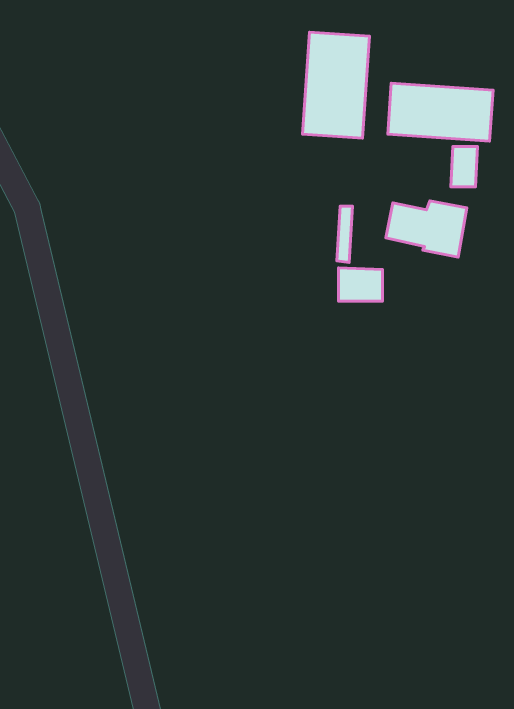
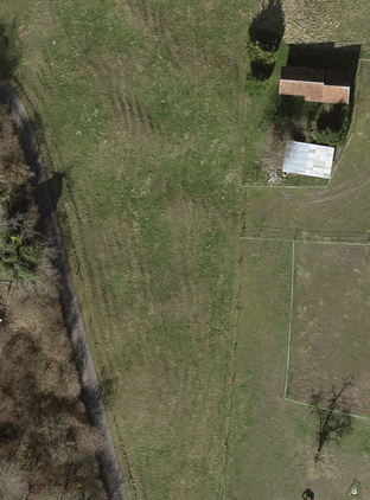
building: [302,32,369,138] -> none

